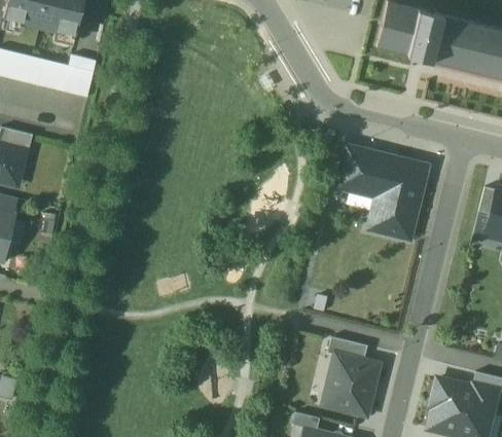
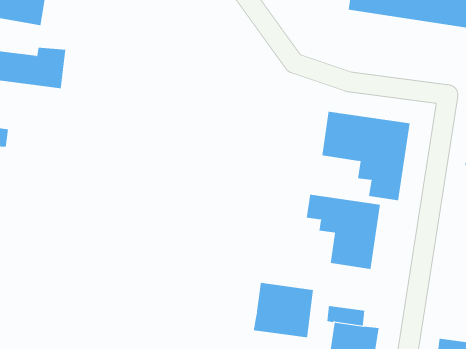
building: none -> [306,194,380,270]
building: none -> [253,282,314,338]

